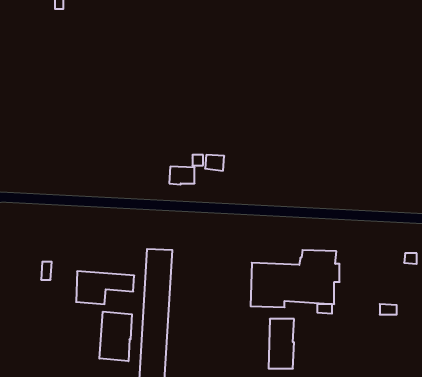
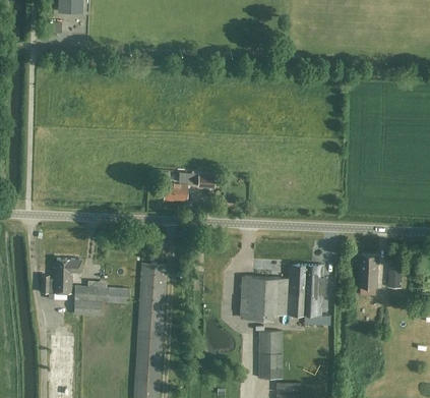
building: none -> [360,254,378,288]
building: none -> [52,259,81,294]
building: [99,312,132,361] -> none

